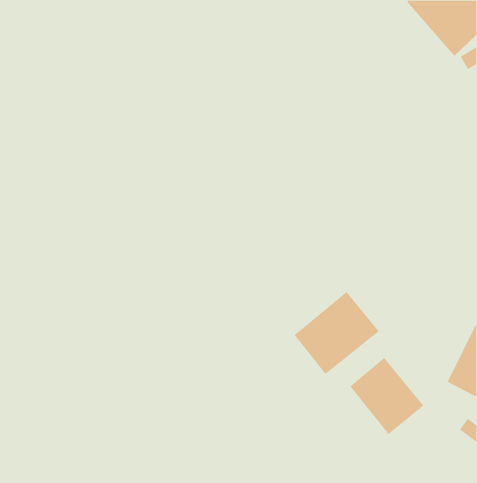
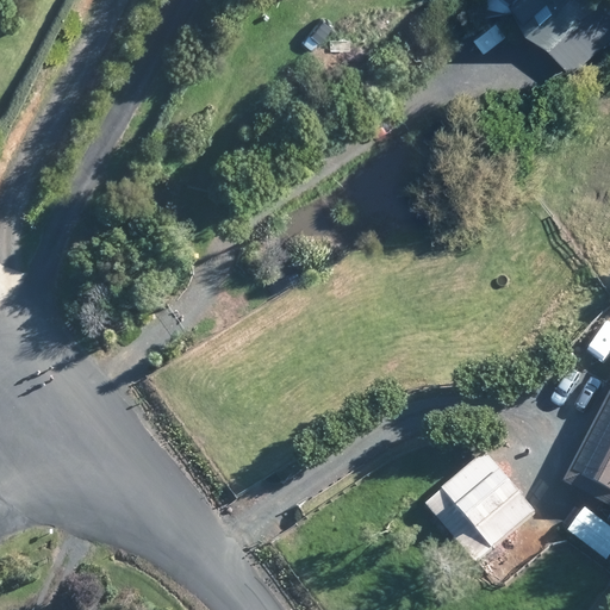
building: [294,291,379,375] -> none

